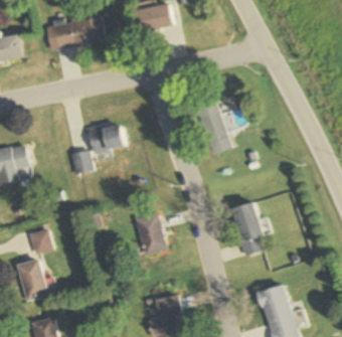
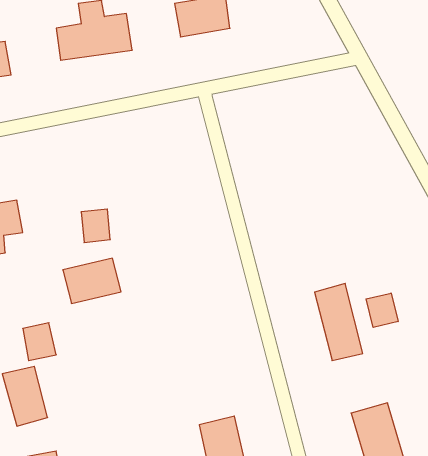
building: [196,100,231,154] -> none
building: [86,123,126,154] -> [63,258,121,303]
building: none -> [366,293,398,327]
building: [135,213,166,257] -> none

